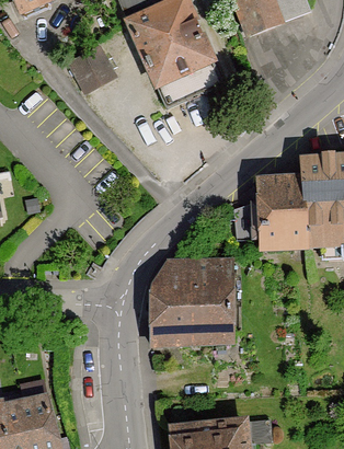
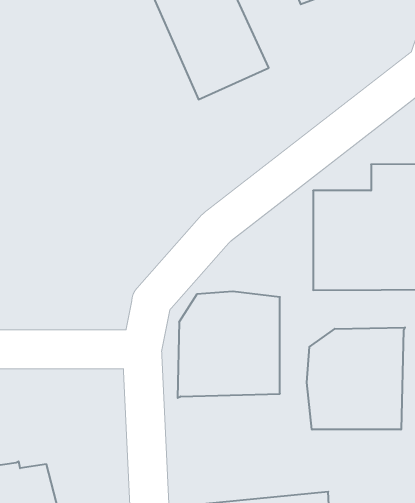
building: [70,45,115,90] -> none
building: none -> [307,327,405,430]

